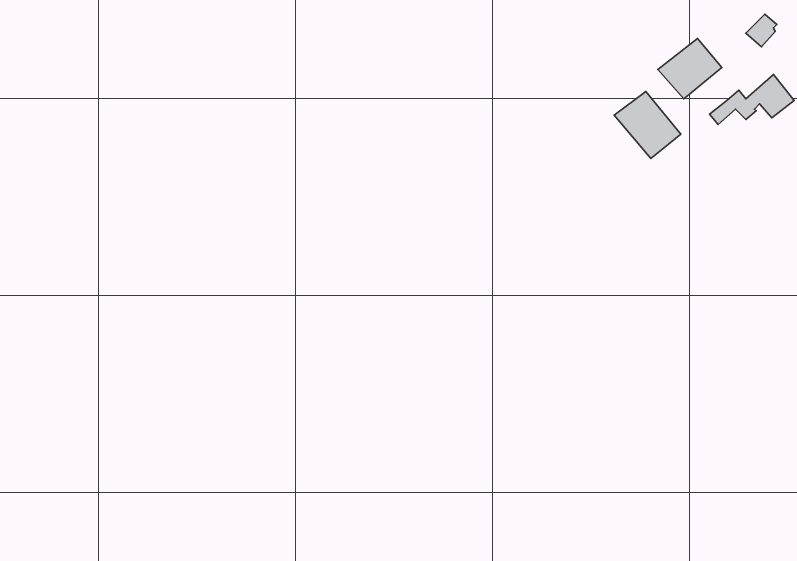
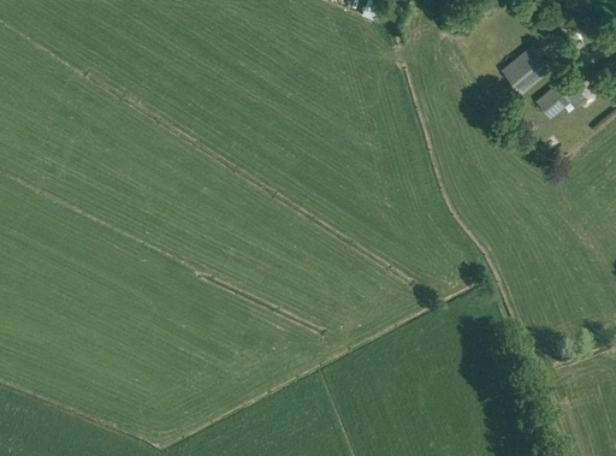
building: [614,91,681,158] -> none

